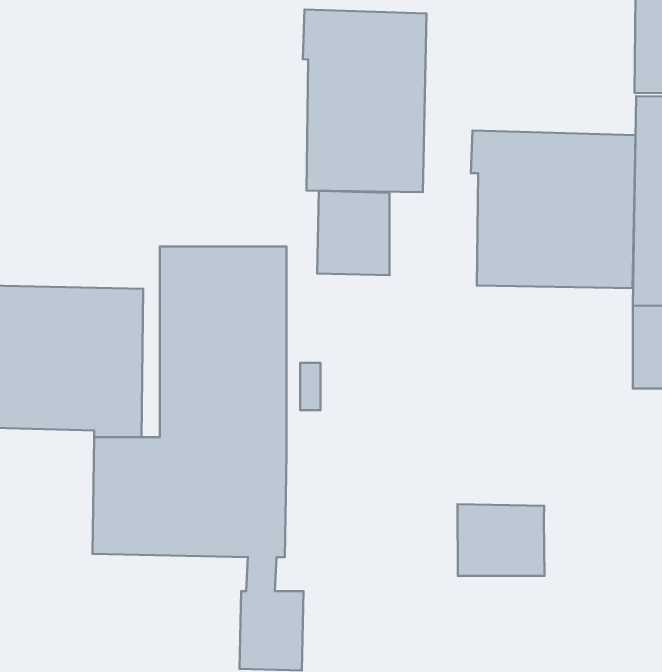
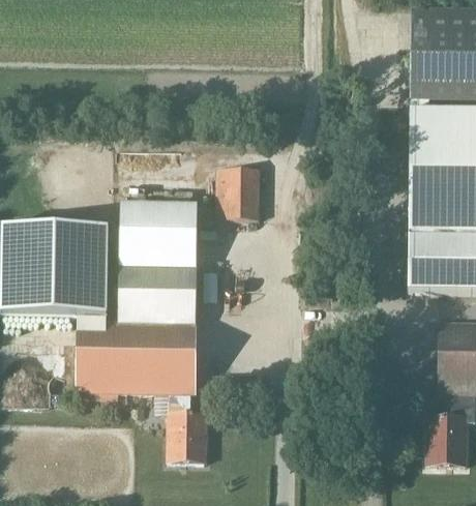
building: [303,10,426,192] -> none
building: [471,131,636,288] -> none
building: [458,504,544,576] -> none

